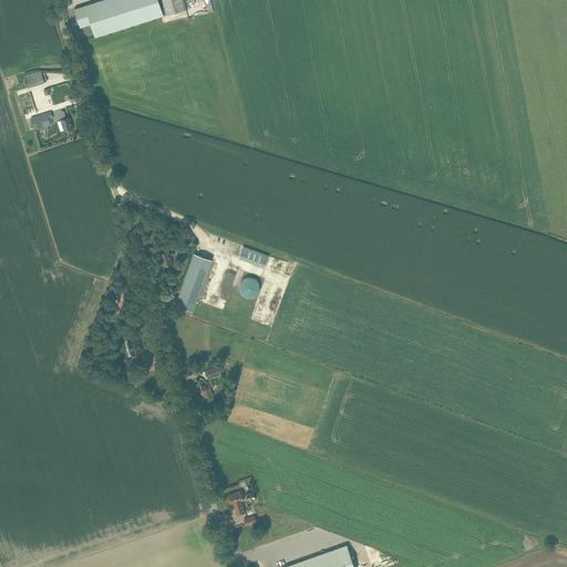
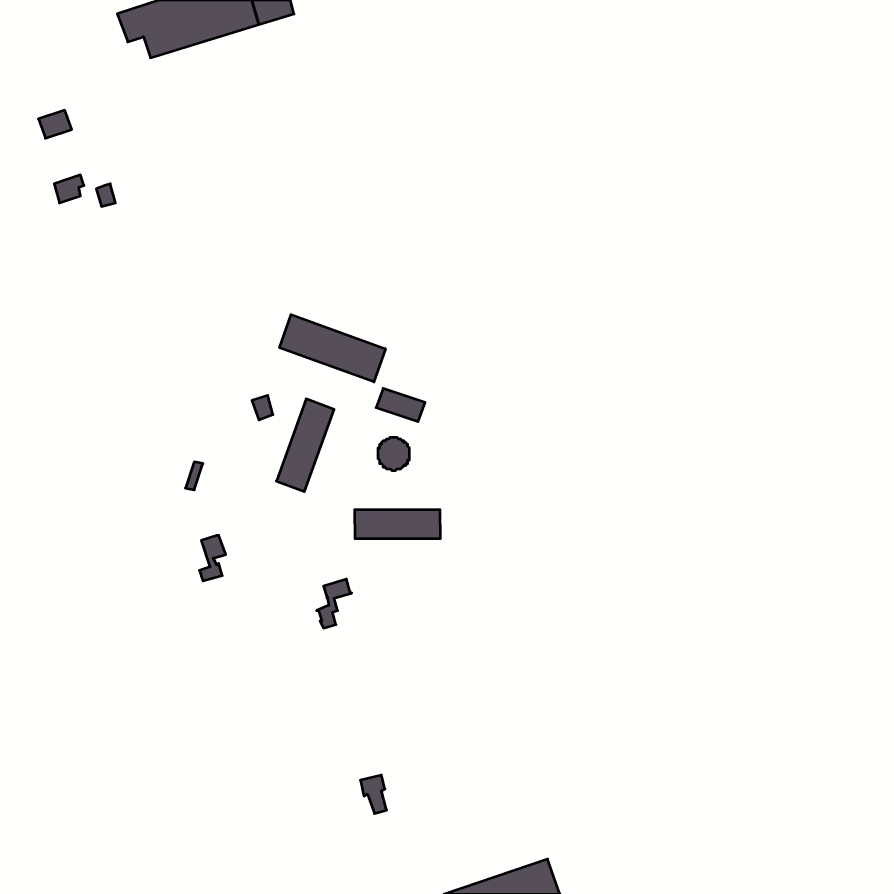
building: none -> [280,315,385,382]
building: none -> [355,510,440,539]

